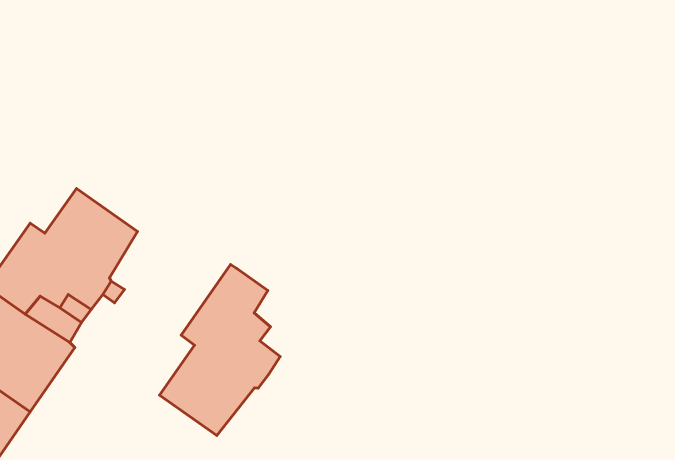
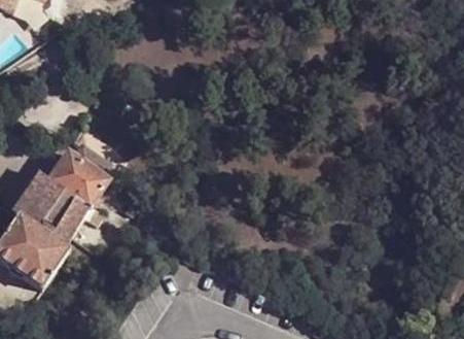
building: [160,264,280,436] -> none

